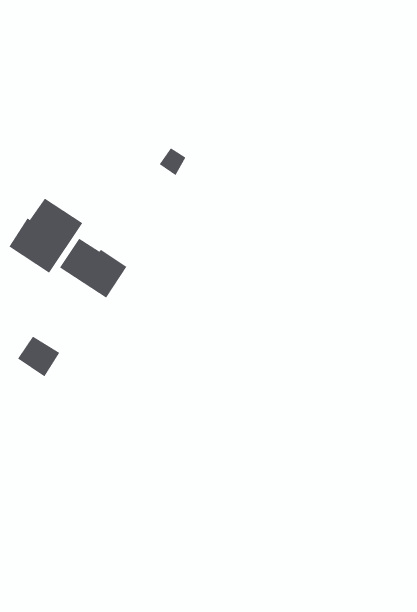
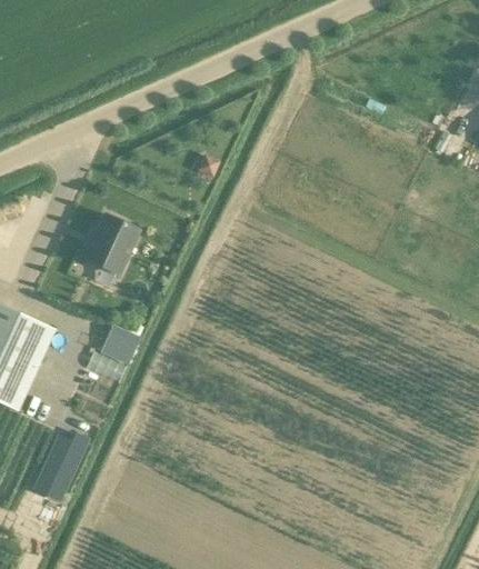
building: [59,238,127,299] -> none

